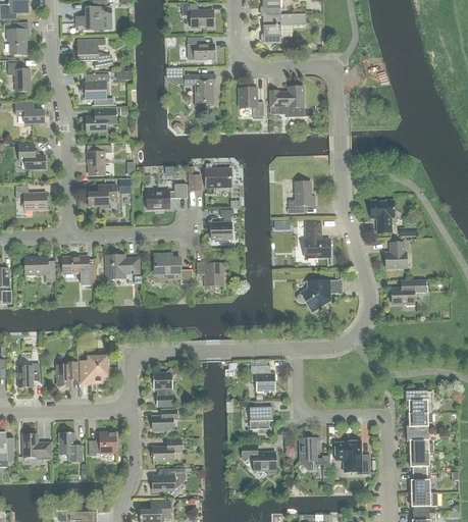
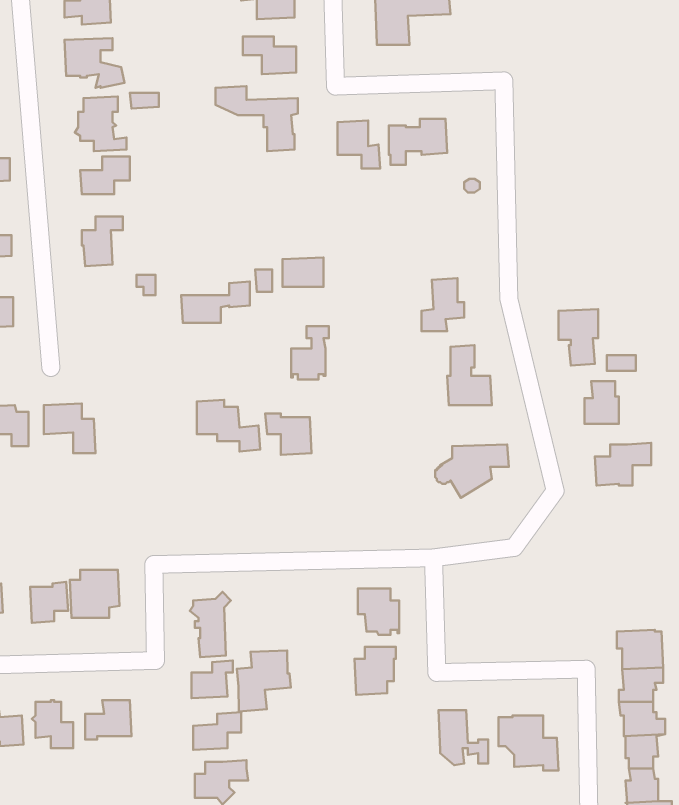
building: [88,184,116,206] -> none
building: [106,254,138,277] -> none
building: none -> [237,650,291,712]
building: [242,443,275,473] -> none

